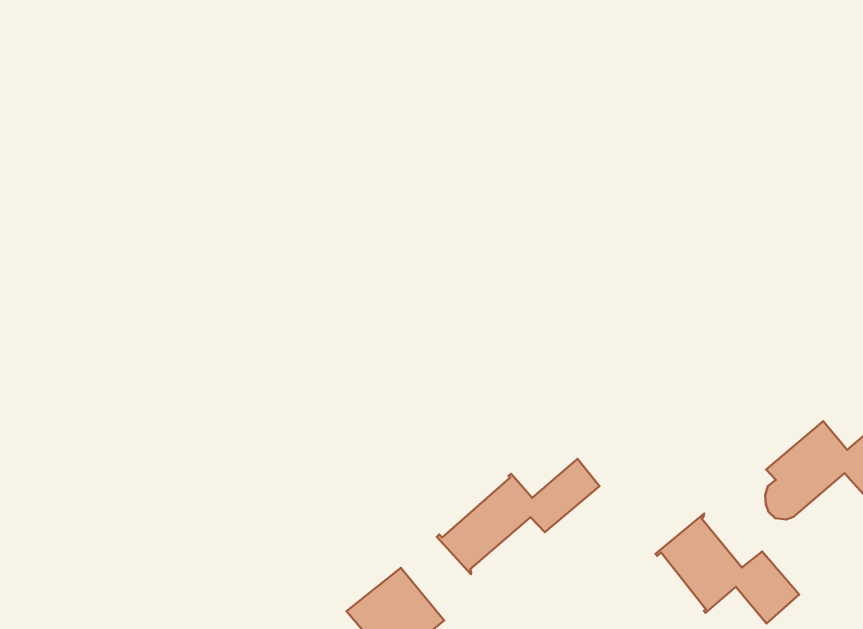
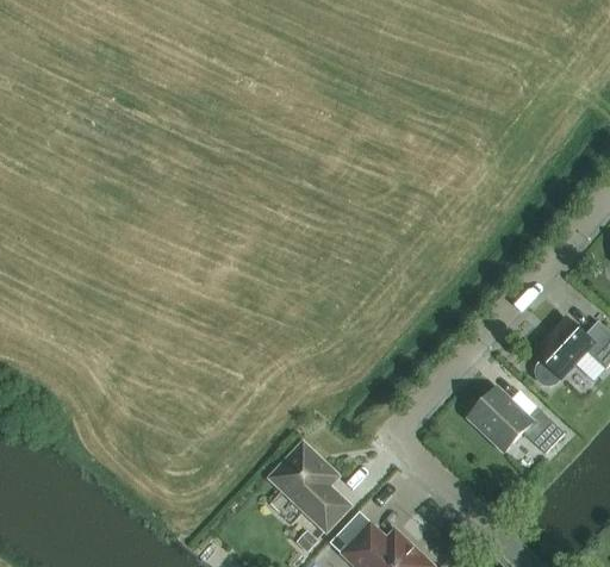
building: [437,459,600,574] -> none

